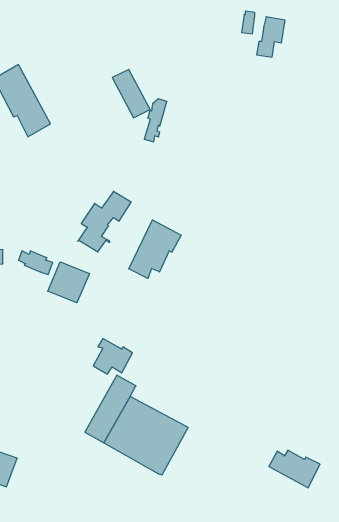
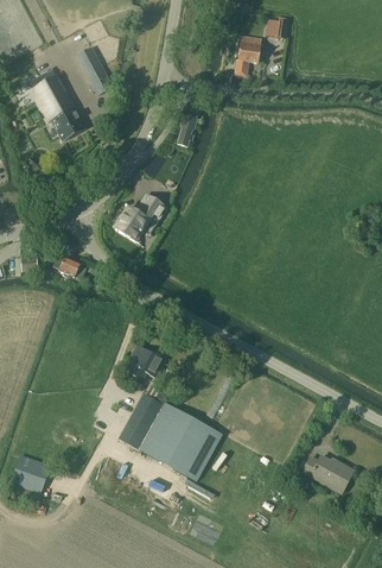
building: [257,17,285,57] -> [234,34,262,75]
building: [112,69,150,118] -> [76,46,114,95]
building: [129,220,181,278] -> none
building: [48,262,89,303] -> none

